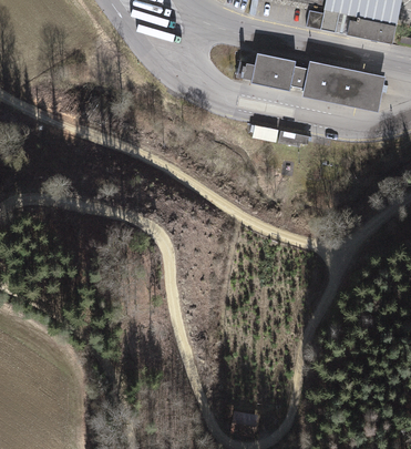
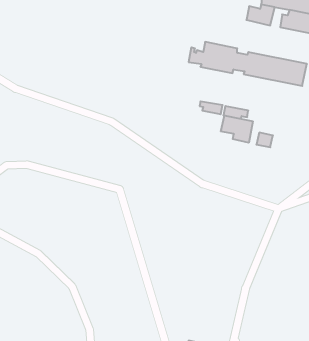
building: none -> [221,116,253,143]

